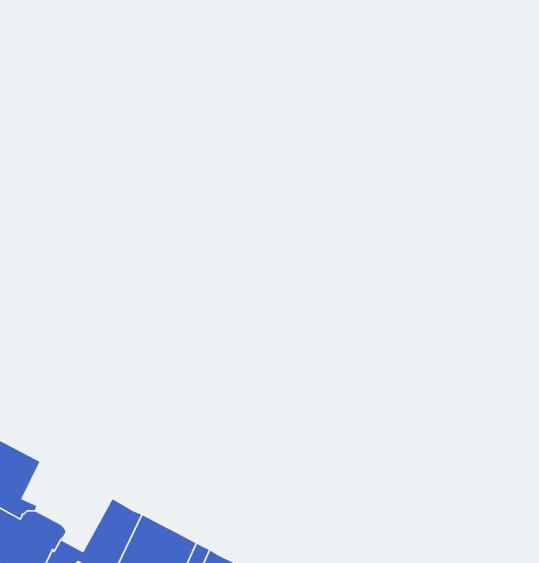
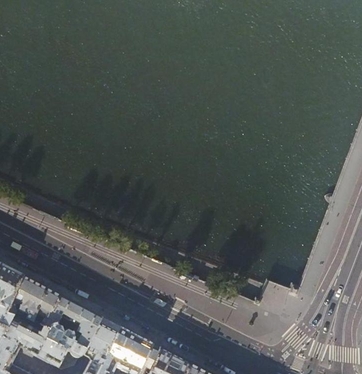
building: none -> [48,296,101,349]

